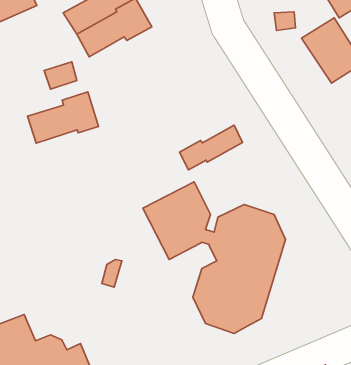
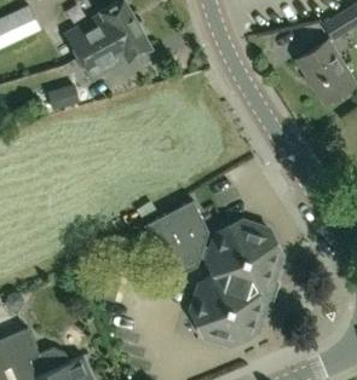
building: [27,92,99,143] -> none
building: [179,125,242,170] -> none

